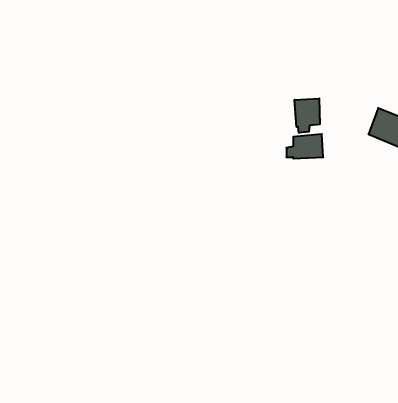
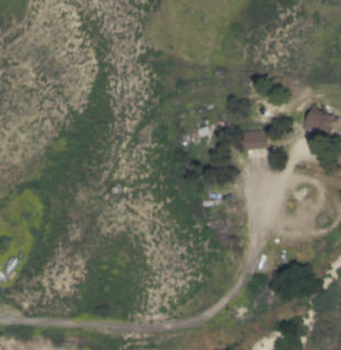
building: [295,98,320,133] -> none

